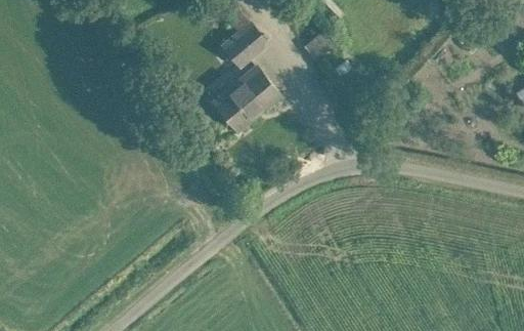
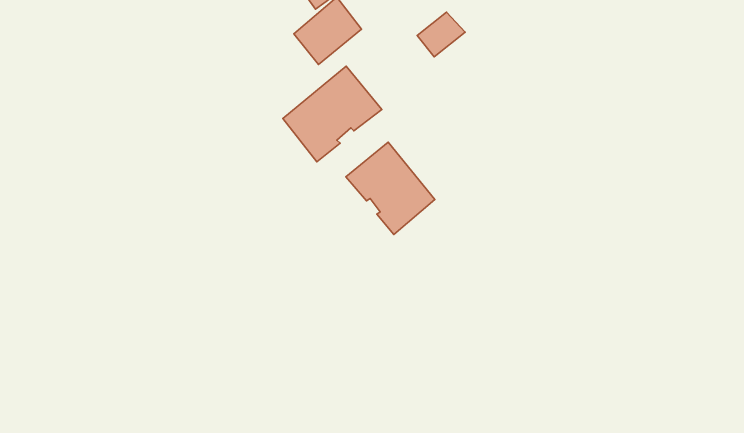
building: none -> [346,142,435,235]

